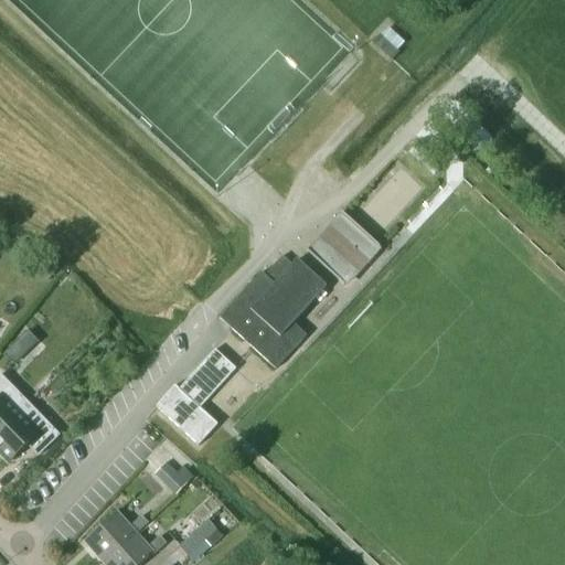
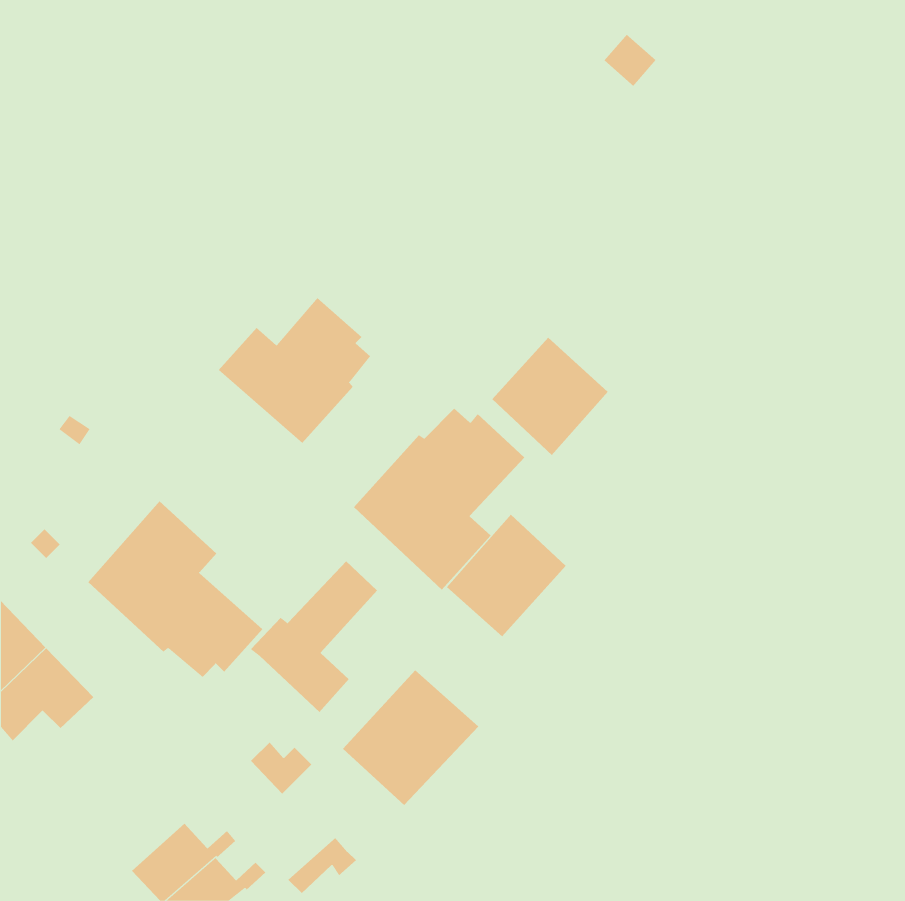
building: none -> [218,297,371,444]
building: none -> [88,501,263,678]
building: none -> [446,514,567,637]
building: none -> [342,670,479,806]

